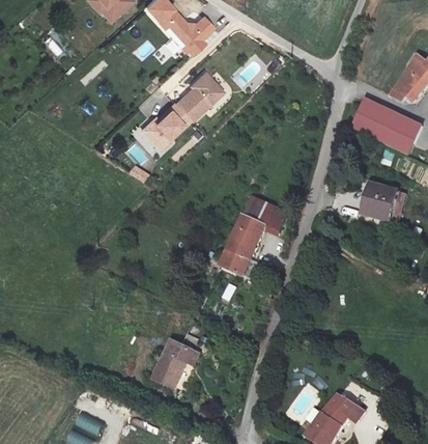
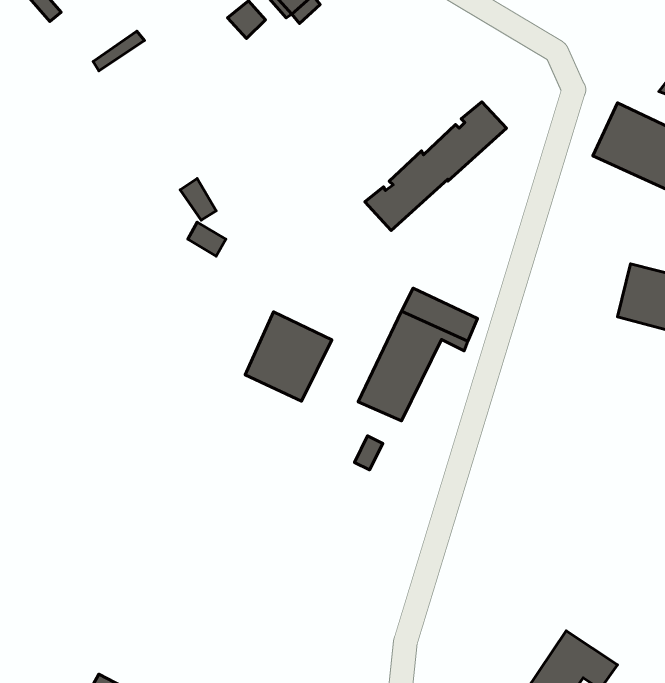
building: [141,75,219,145] -> [365,102,507,230]
building: none -> [245,312,332,401]
building: [154,341,202,389] -> none

